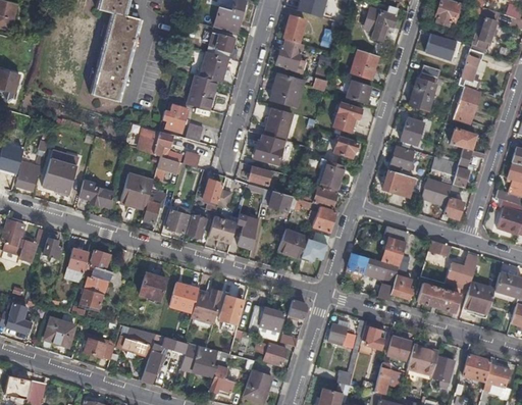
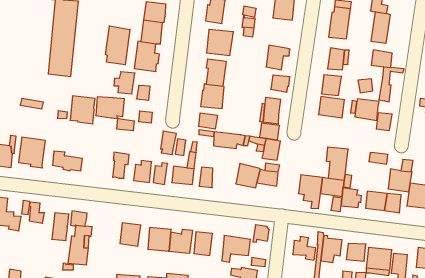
building: none -> [105,26,130,65]
building: [346,80,371,102] -> none
building: [121,173,153,208] -> [70,96,95,124]

